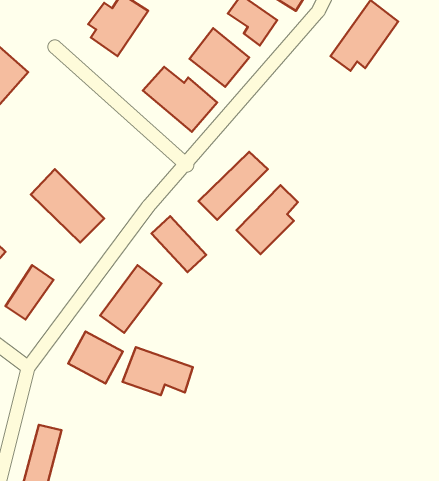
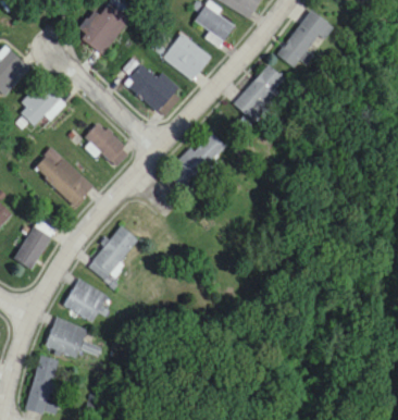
building: none -> [22,81,66,125]
building: [237,185,298,254] -> [234,64,284,121]
building: [152,216,206,272] -> [85,122,129,168]
building: [122,347,193,395] -> [45,318,102,357]

